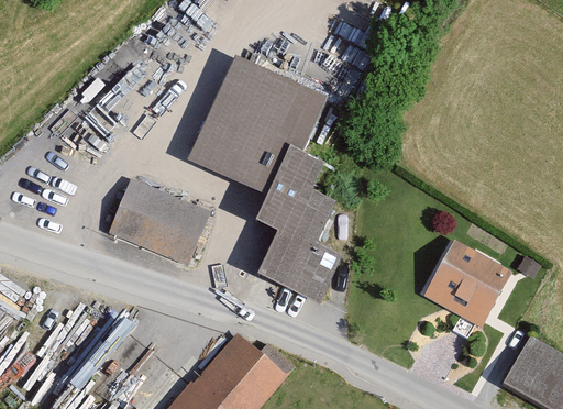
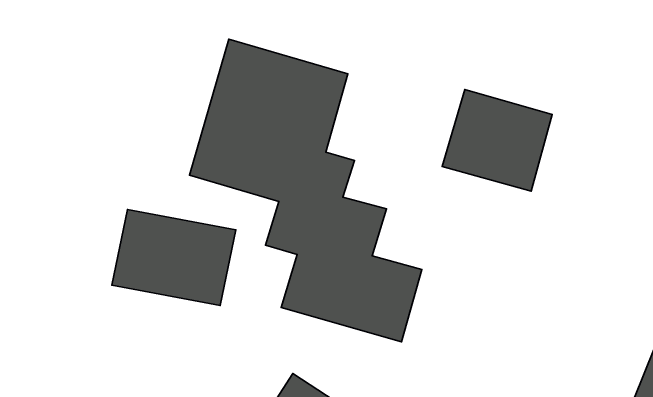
building: [426,241,516,327] -> [442,89,552,191]

